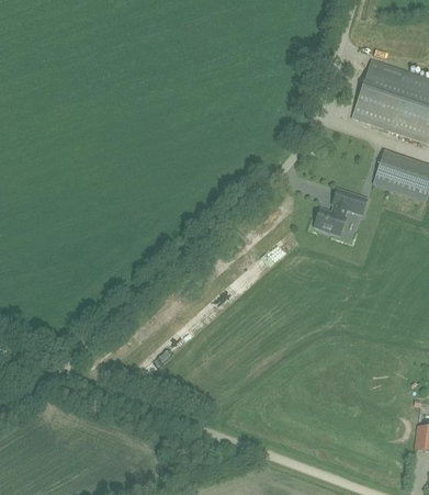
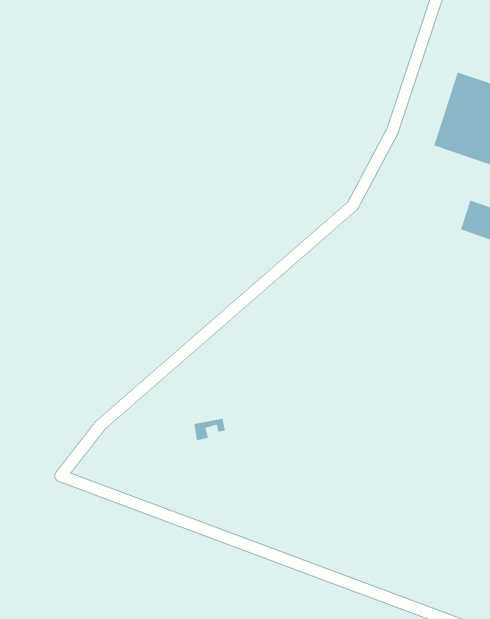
building: [315,189,366,234] -> none

